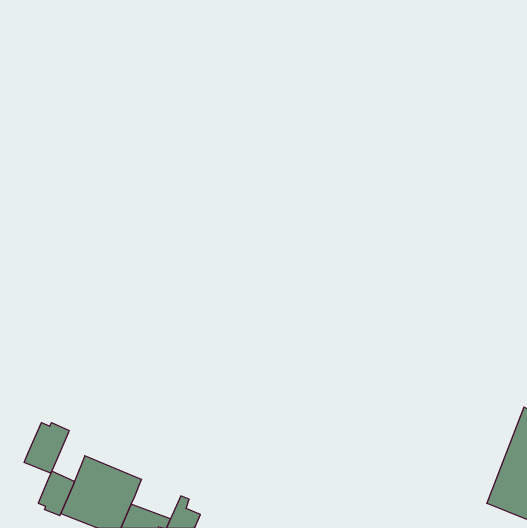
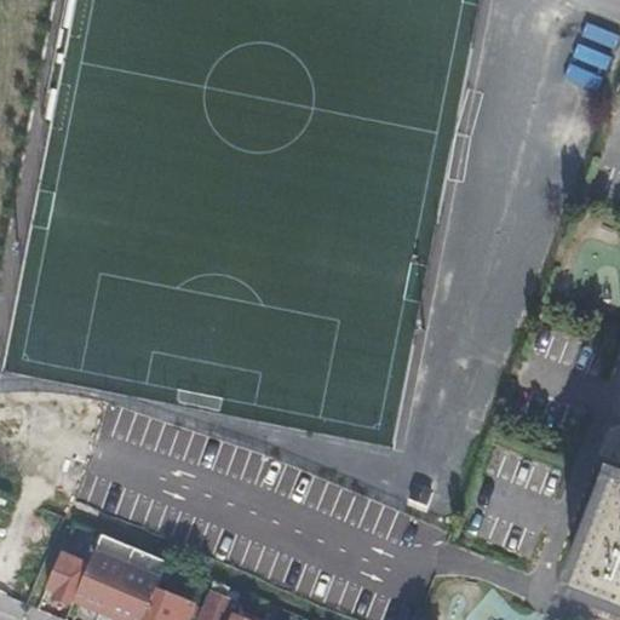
building: [24,423,69,473] -> none

